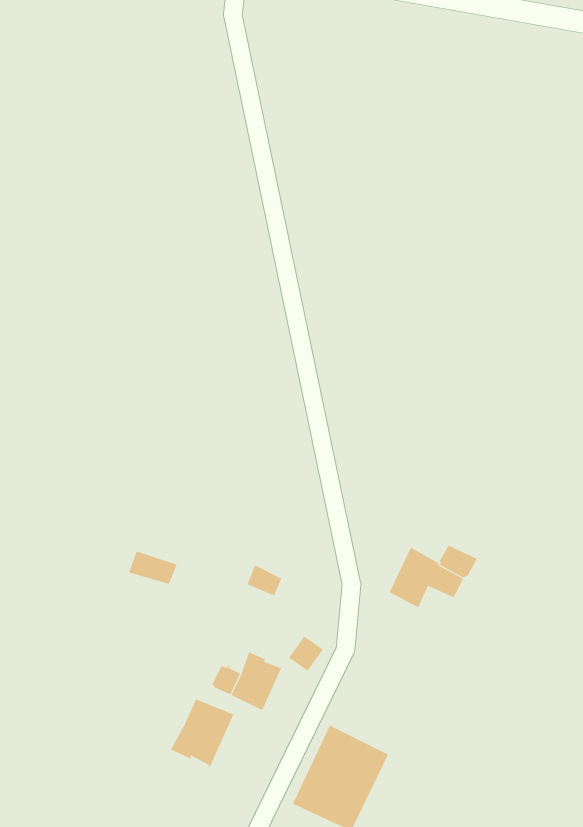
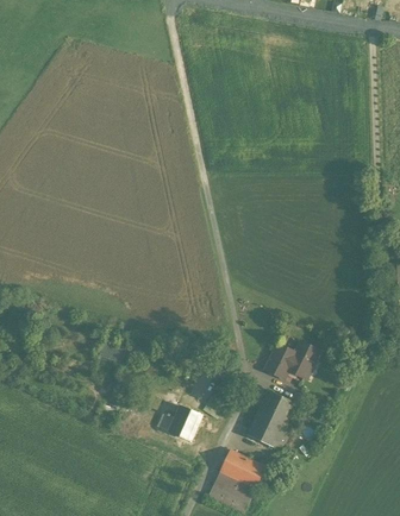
building: none -> [248,390,296,451]
building: [170,698,234,767] -> none

